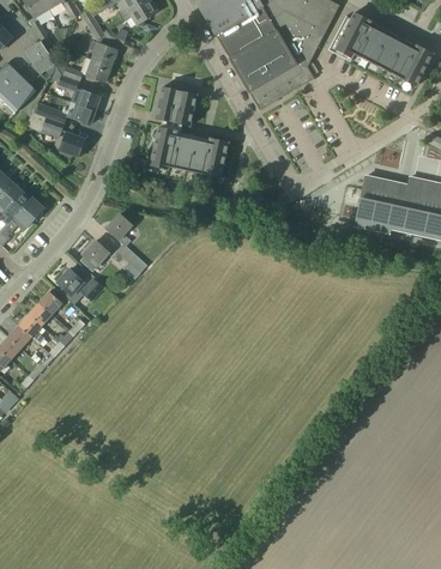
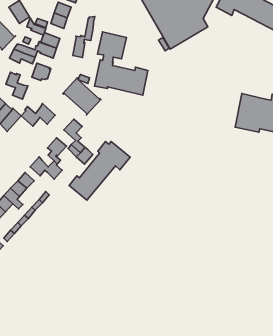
building: none -> [73,17,95,58]
building: none -> [6,72,28,99]
building: none -> [63,78,101,115]
building: none -> [21,103,55,126]
building: none -> [69,141,130,200]

